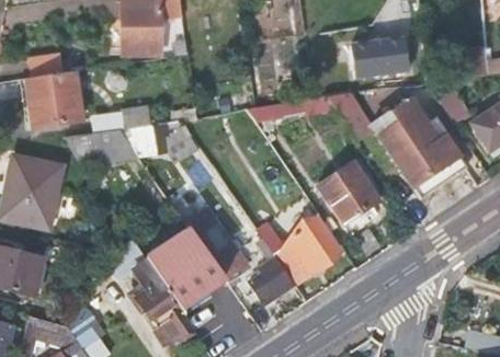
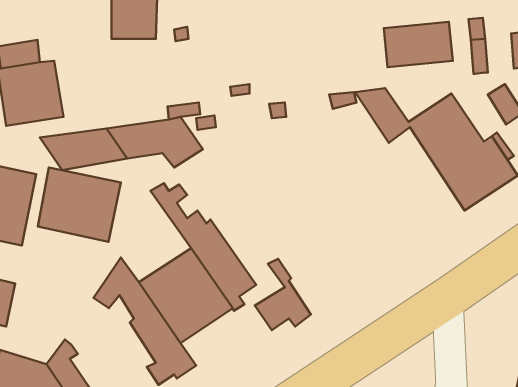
building: none -> [38,167,121,242]
building: [319,163,378,224] -> none
building: [261,214,343,281] -> none

